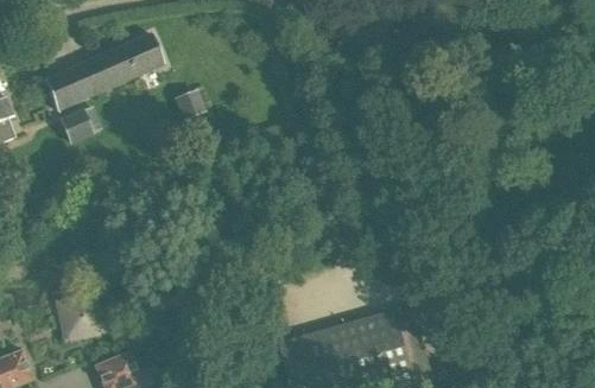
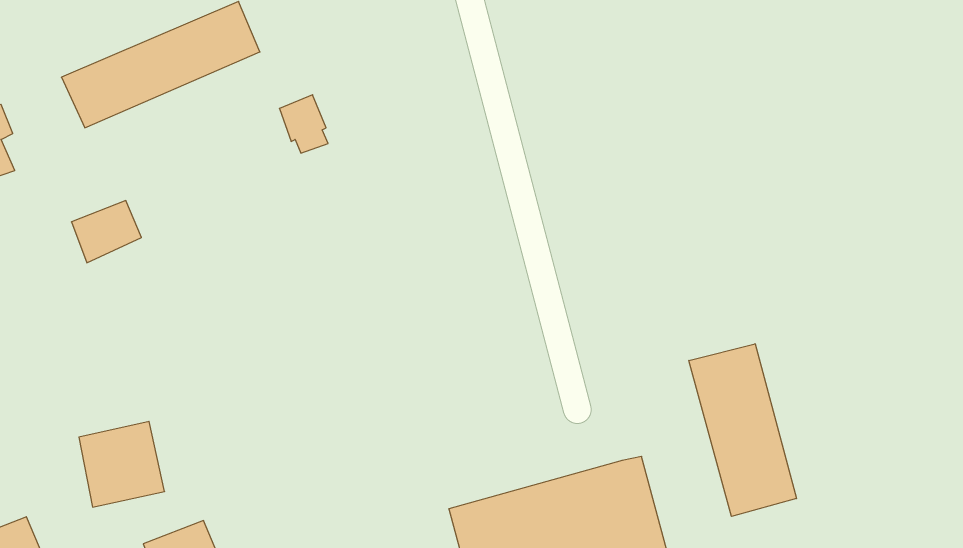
building: [58,106,101,144] -> [71,201,141,263]
building: none -> [689,344,796,516]

